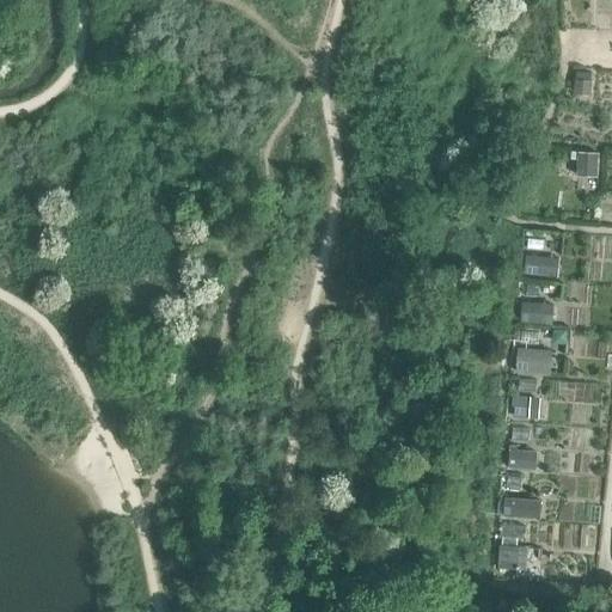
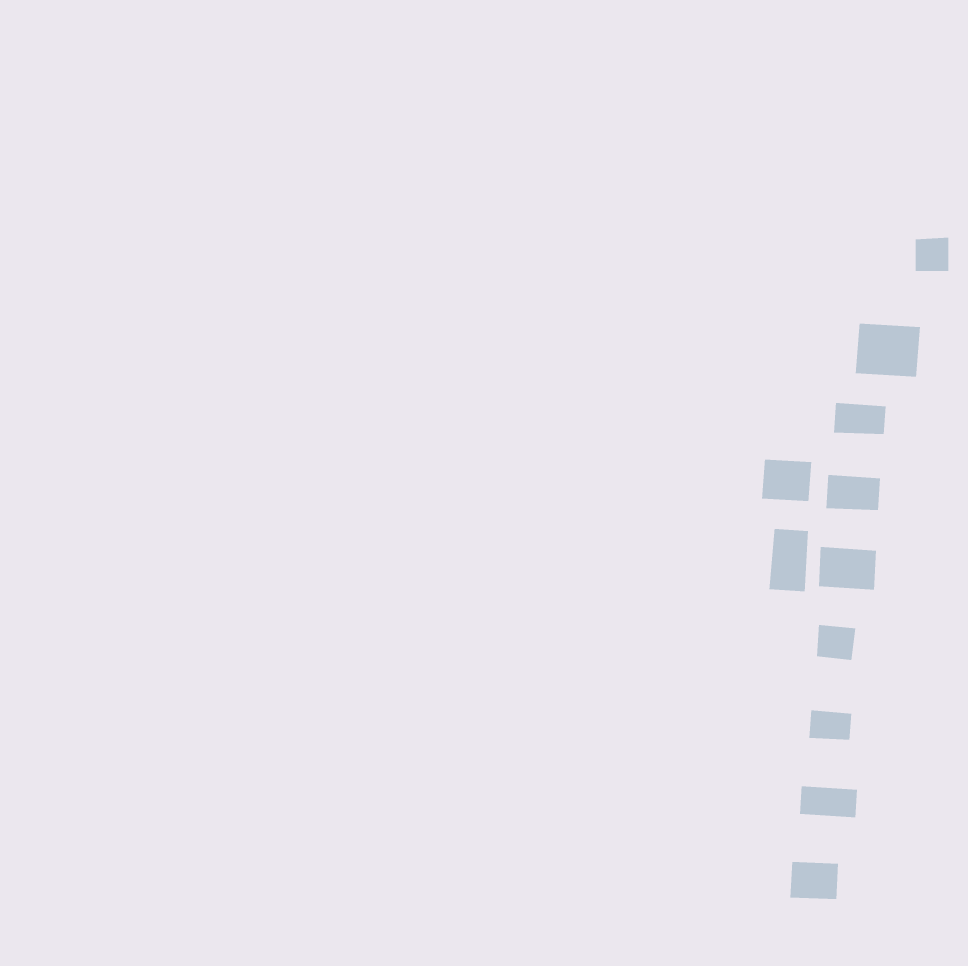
building: none -> [855,323,921,378]
building: none -> [762,459,812,502]
building: none -> [769,528,808,592]

